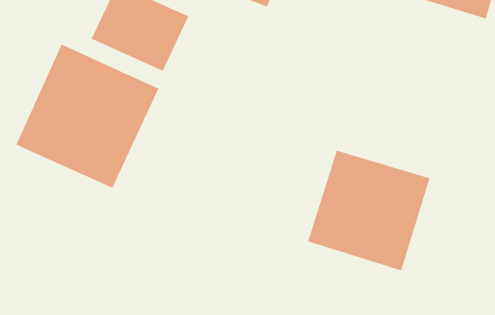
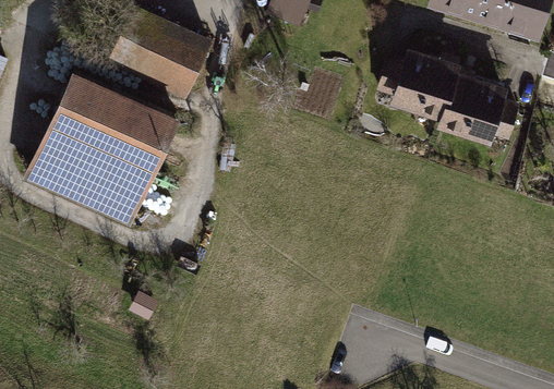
building: none -> [390,48,521,144]
building: [308,150,430,271] -> none

